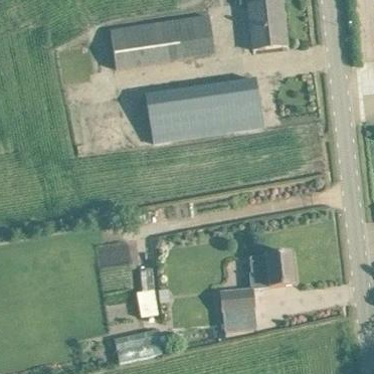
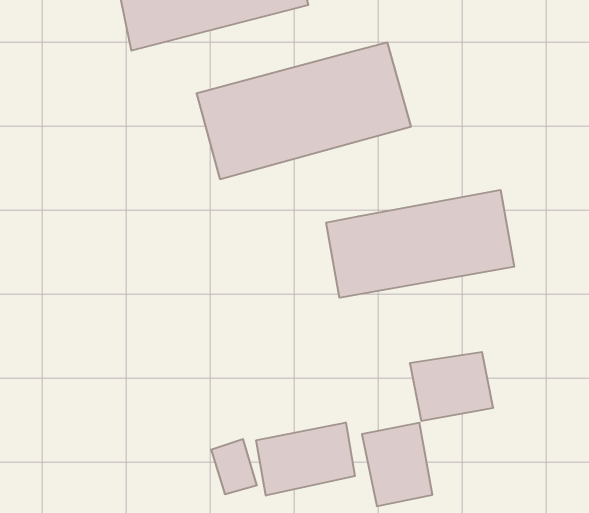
building: none -> [326,190,514,298]
building: none -> [256,422,355,496]

